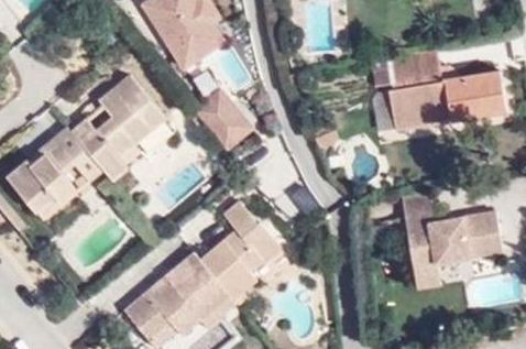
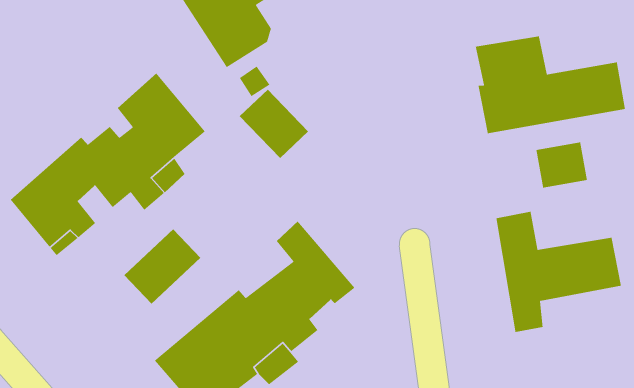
building: none -> [535,142,588,189]
building: none -> [123,229,201,304]

